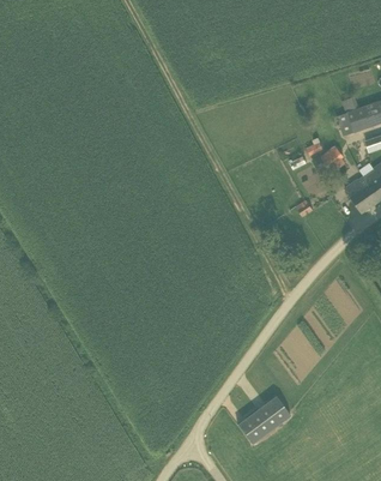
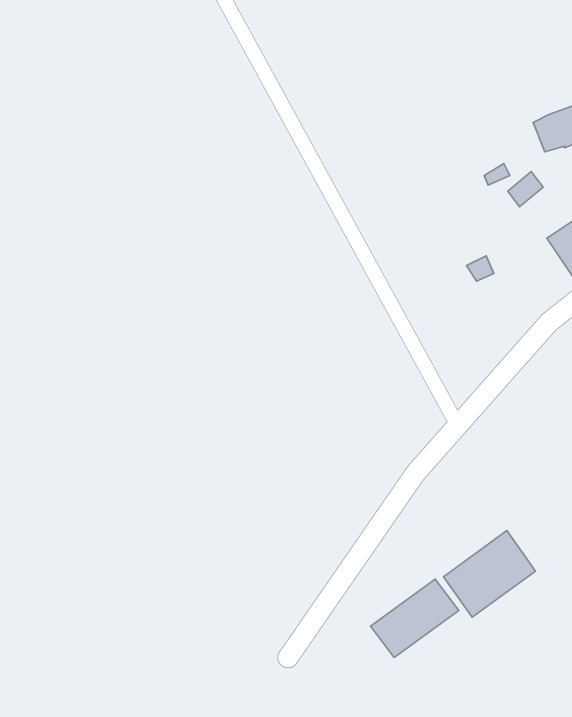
building: none -> [443,531,536,617]

